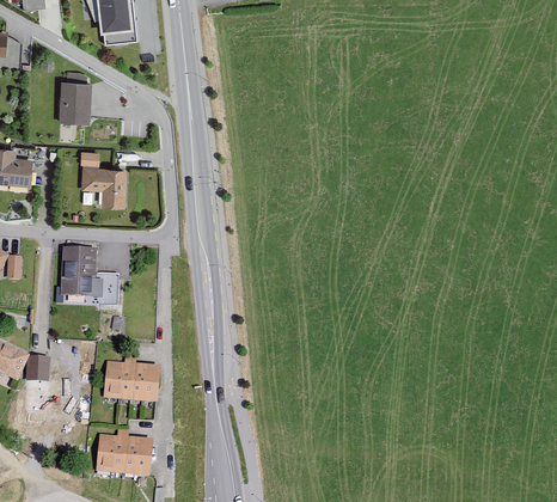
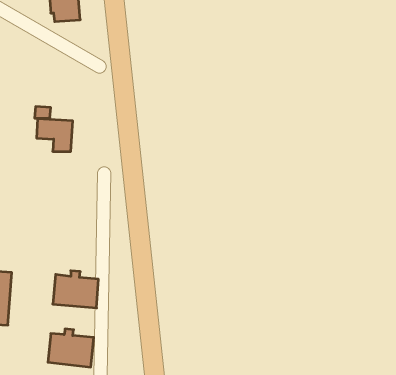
building: [57,73,92,125] -> none
building: [60,249,118,306] -> none

